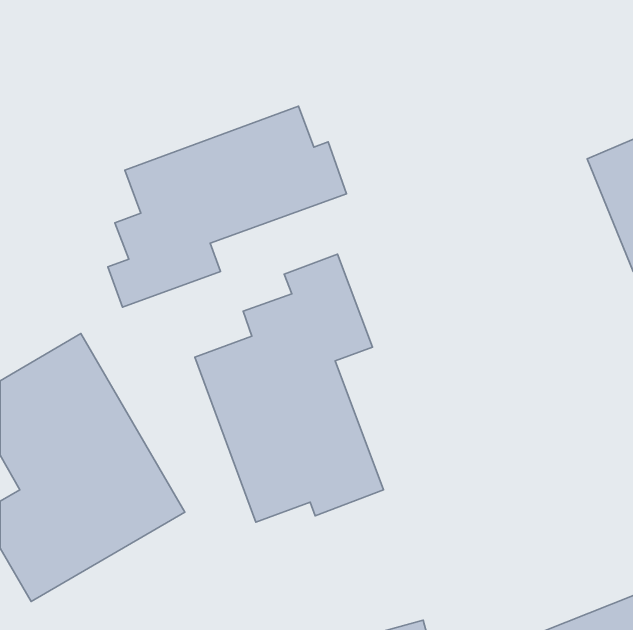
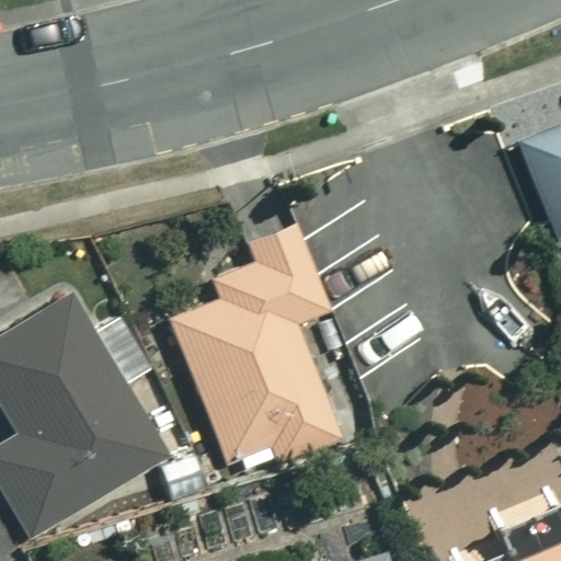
building: [108,106,346,307] -> none

